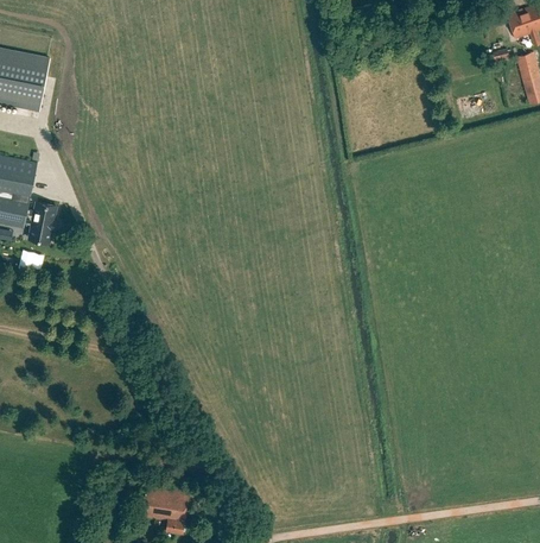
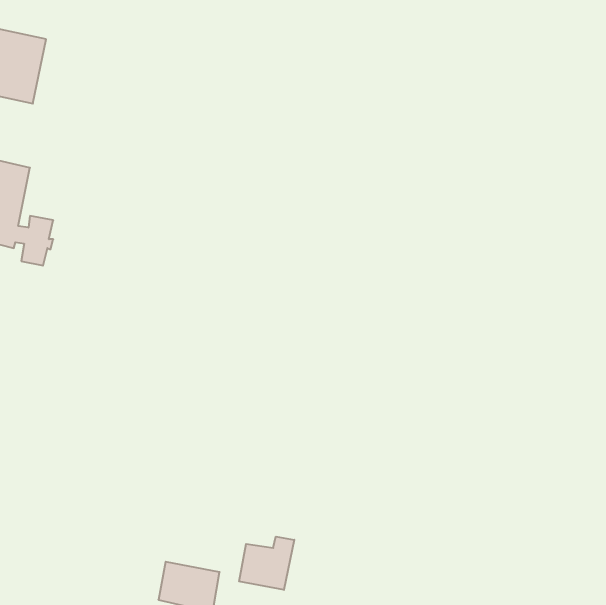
building: none -> [239,537,294,590]

